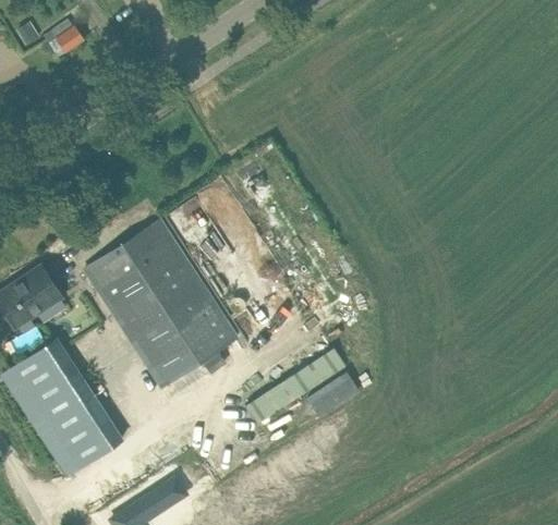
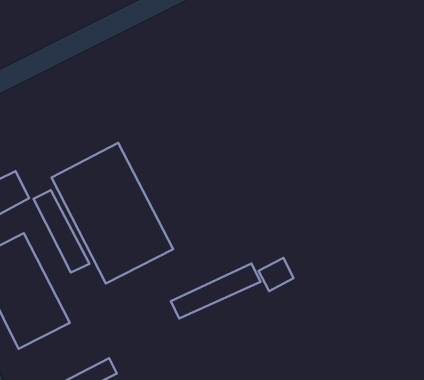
building: none -> [33,190,89,273]
building: [301,378,343,419] -> [258,258,293,291]

